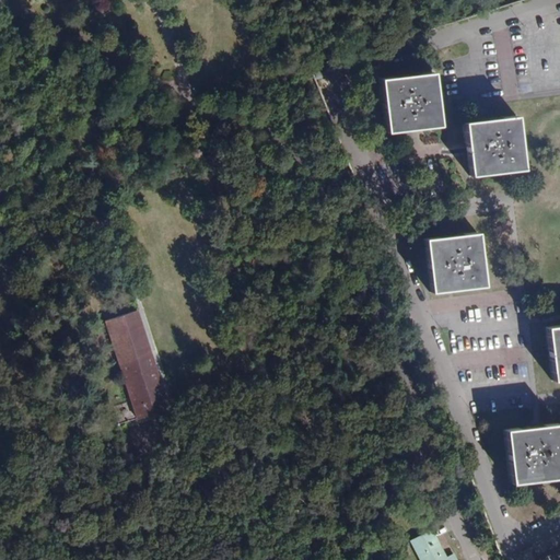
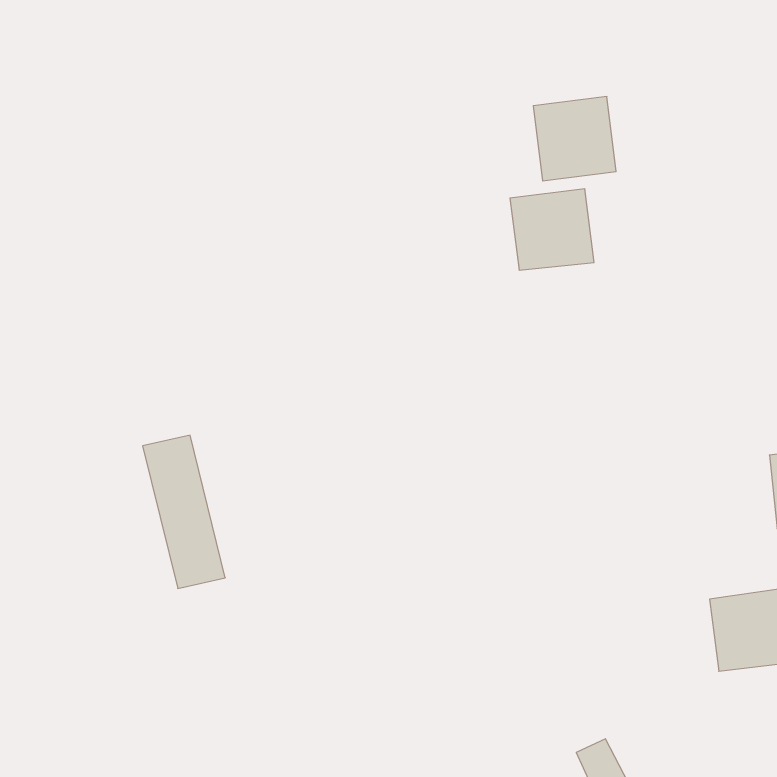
building: [469,117,529,175] -> [510,189,594,270]
building: [429,236,489,295] -> none

